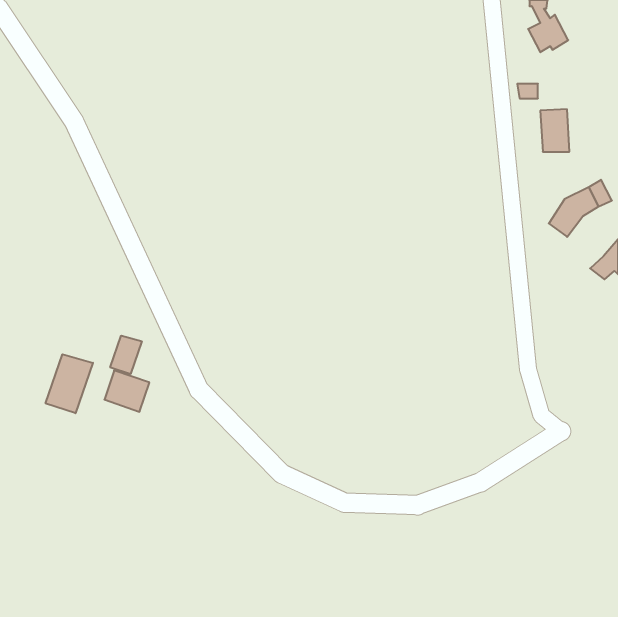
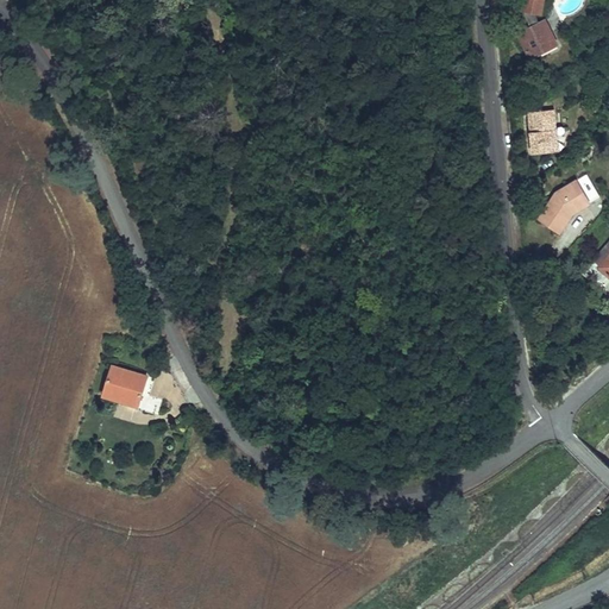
building: [110,336,142,374] -> none
building: [46,354,93,413] -> none

